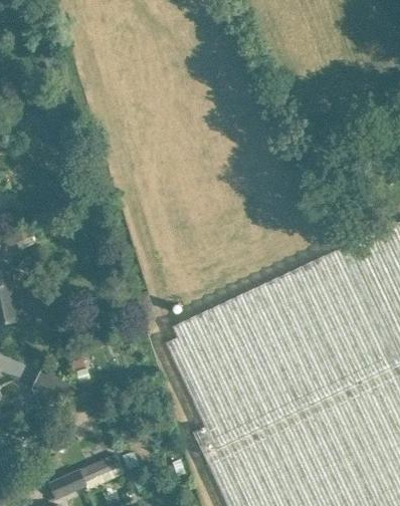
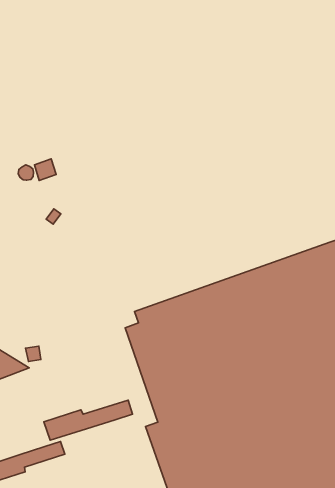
building: none -> [44,400,132,440]

